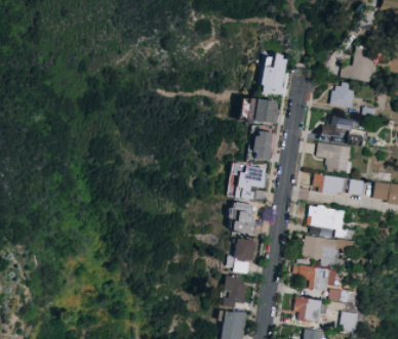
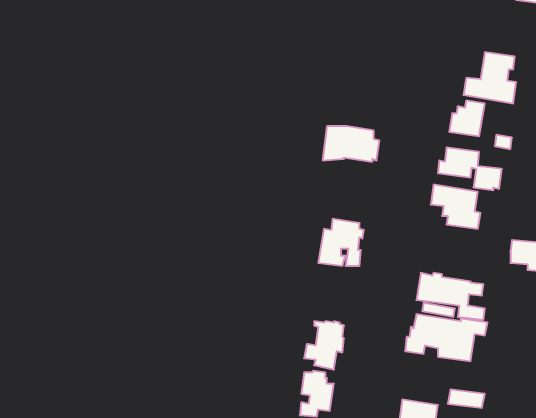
building: [253,54,279,93] -> none
building: [252,131,273,161] -> none
building: [313,173,365,195] -> none
building: [228,203,255,235] -> none
building: [293,264,337,291] -> none

